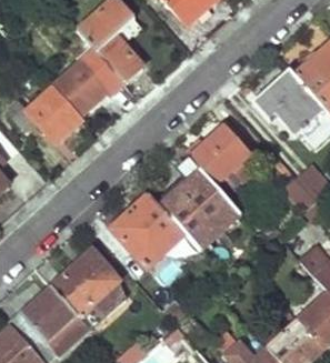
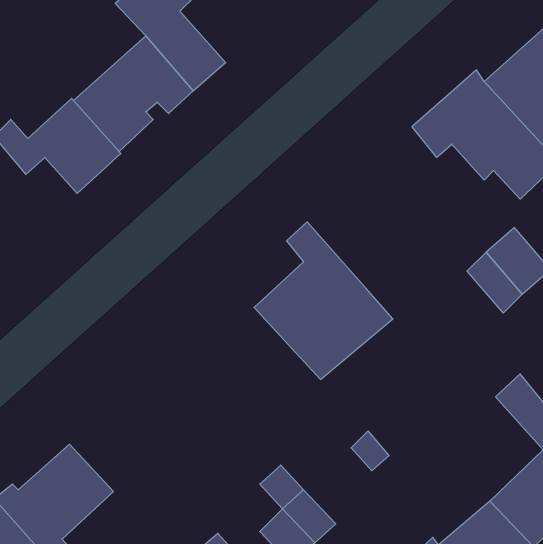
building: [191,128,250,196] -> none
building: [112,195,184,268] -> none
building: [52,252,119,317] -> none

